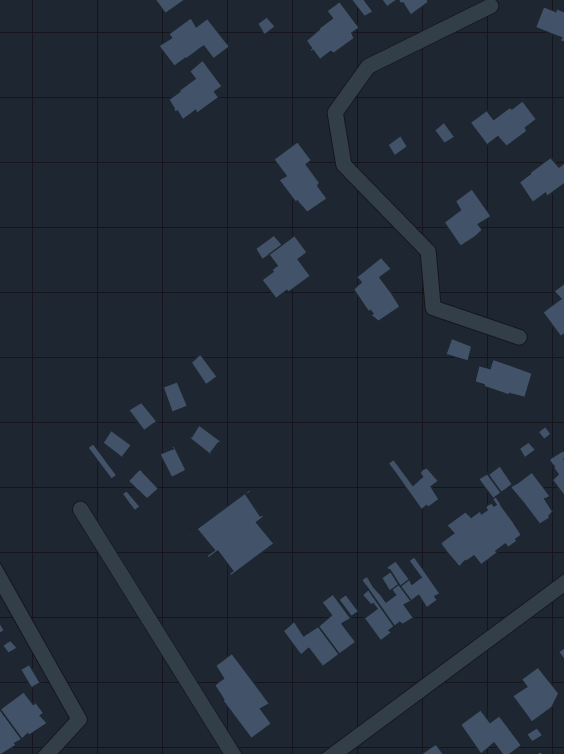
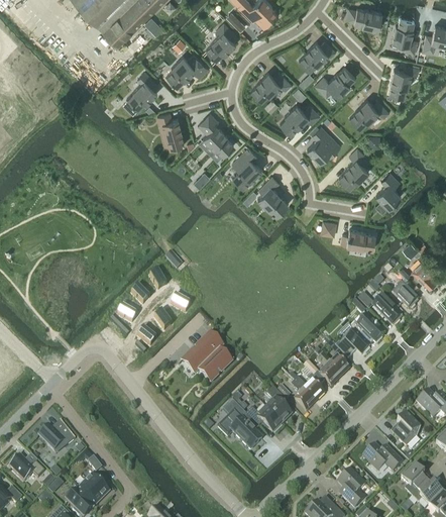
building: [159,18,230,66] -> [166,53,210,85]
building: none -> [300,39,336,70]
building: none -> [251,71,292,100]
building: none -> [157,111,185,147]
building: none -> [281,103,321,132]
building: none -> [339,146,370,187]
building: [262,236,310,299] -> [233,145,262,186]
building: [388,460,439,510] -> [315,347,349,376]
building: [214,653,271,738] -> [223,399,262,449]

